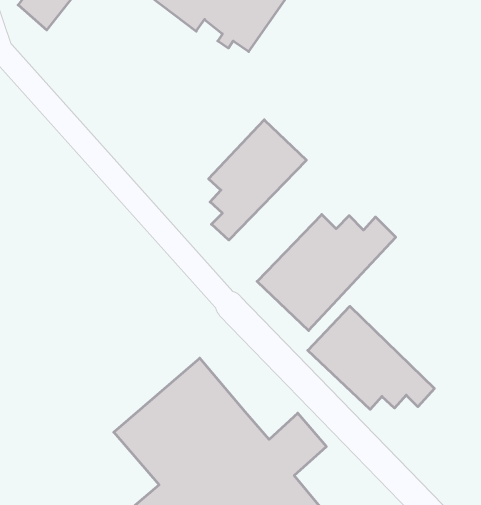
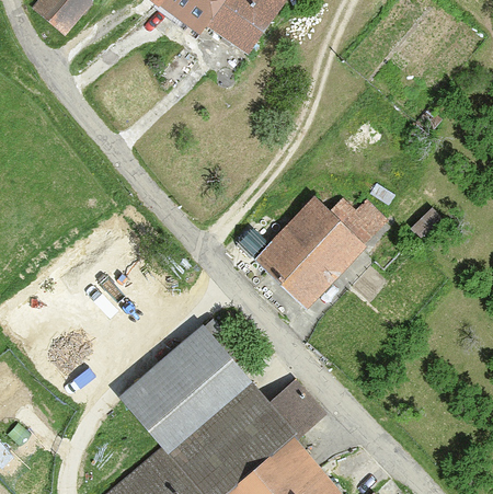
building: [209,120,306,240] -> none
building: [308,306,434,409] -> none

